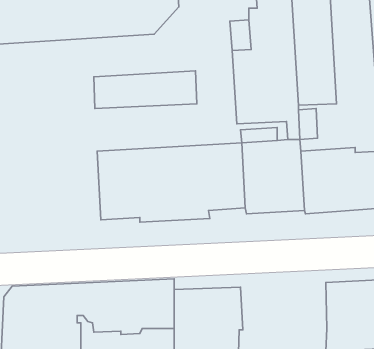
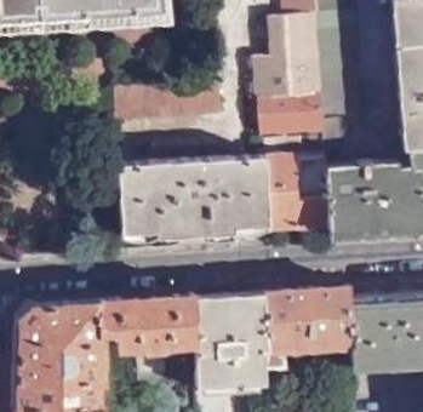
building: none -> [261,288,350,350]

